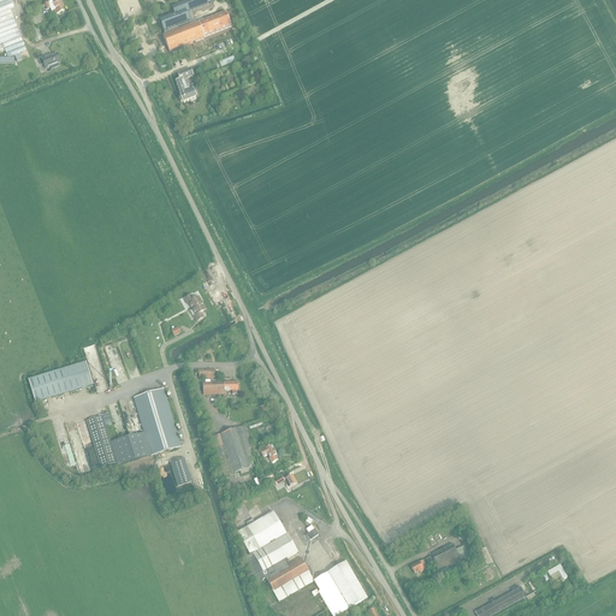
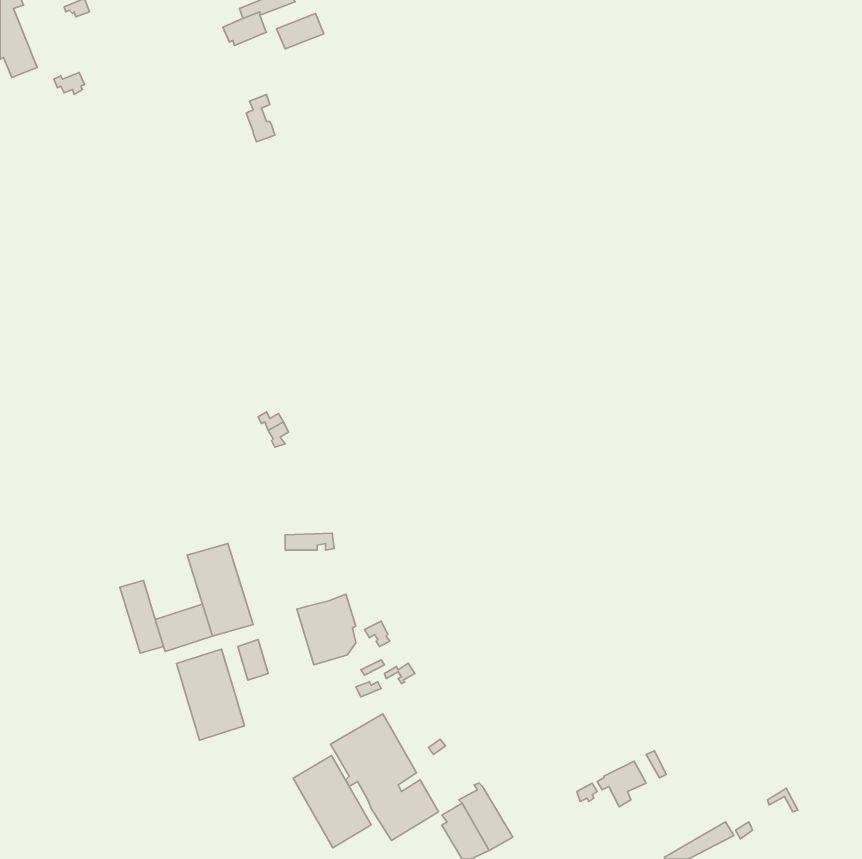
building: [162,20,203,49] -> none
building: [28,360,93,401] -> none
building: none -> [176,649,245,740]
building: none -> [293,755,371,848]

